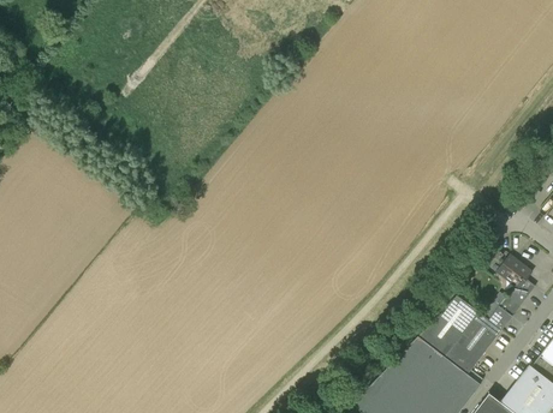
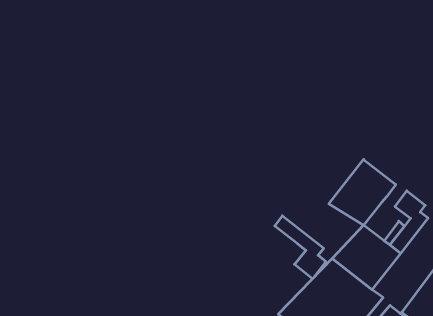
building: none -> [329,159,396,225]
building: none -> [275,216,326,279]

